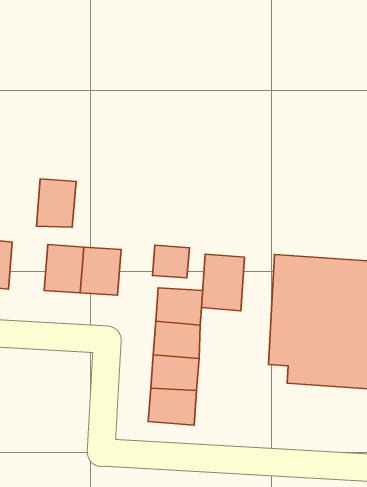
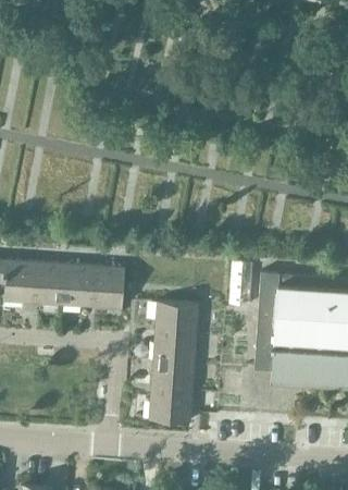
building: [36,179,76,227] -> [26,261,61,304]
building: [152,245,189,278] -> none
building: [202,254,244,311] -> none

